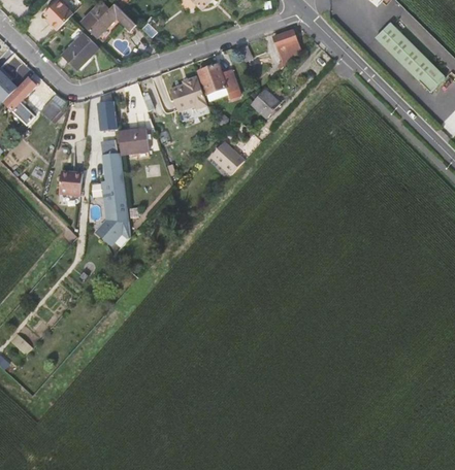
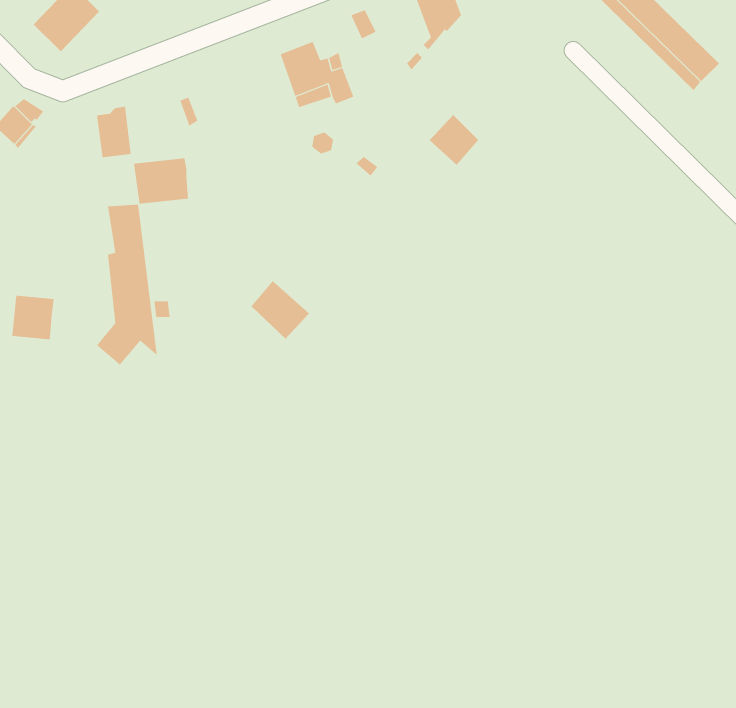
building: [170,76,207,112] -> none
building: [252,90,280,119] -> [429,114,479,166]
building: [212,142,245,175] -> [250,280,310,340]
building: [59,171,83,196] -> [12,295,54,340]

